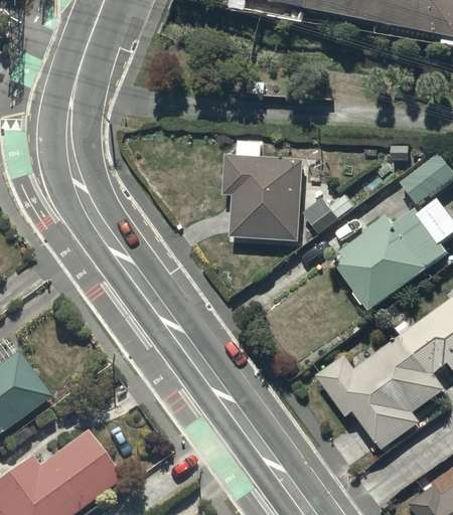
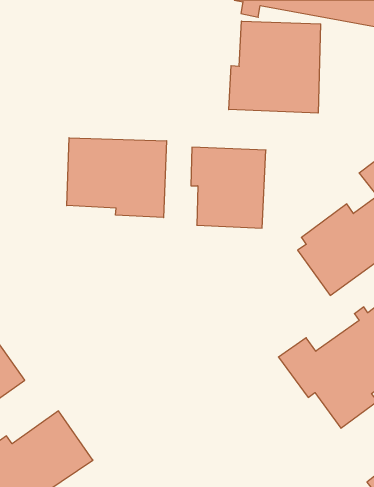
building: none -> [229,21,321,113]
building: none -> [67,138,167,218]

